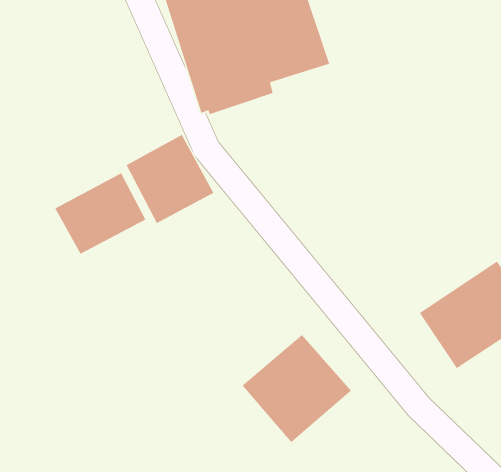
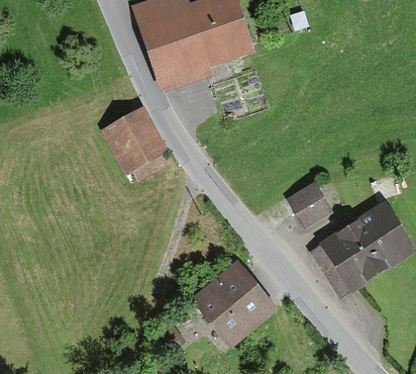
building: [54,172,146,255] -> none
building: none -> [284,182,327,225]

